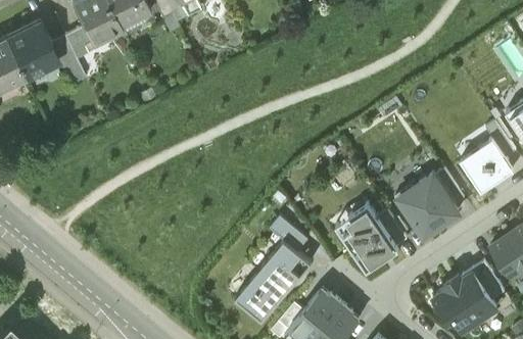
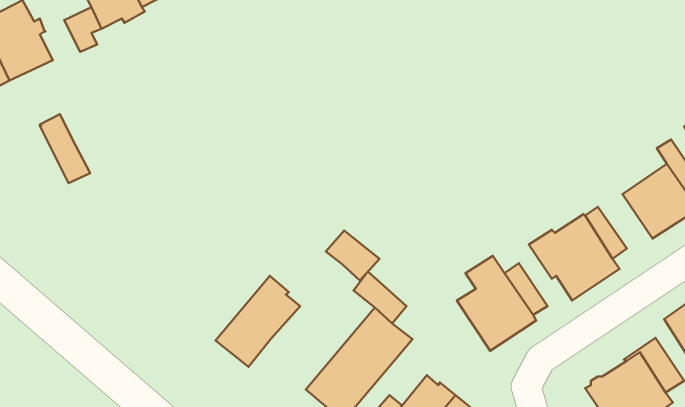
building: [50,37,86,86] -> [40,114,90,183]
building: none -> [326,231,379,281]
building: none -> [216,276,300,367]

